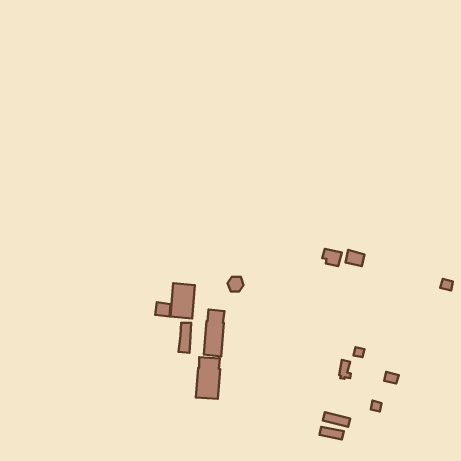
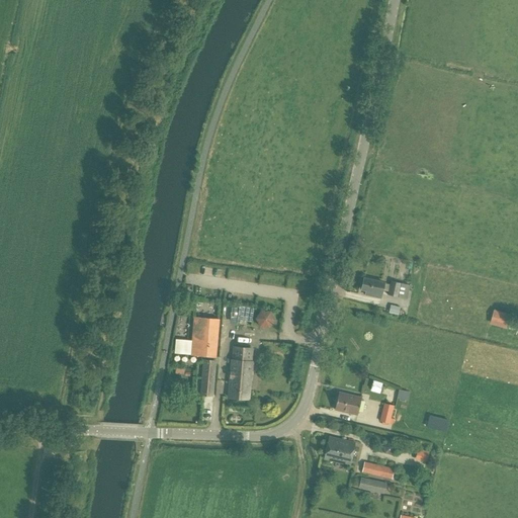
building: none -> [335,393,360,415]
building: [196,357,220,399] -> none
building: none -> [324,437,354,464]

